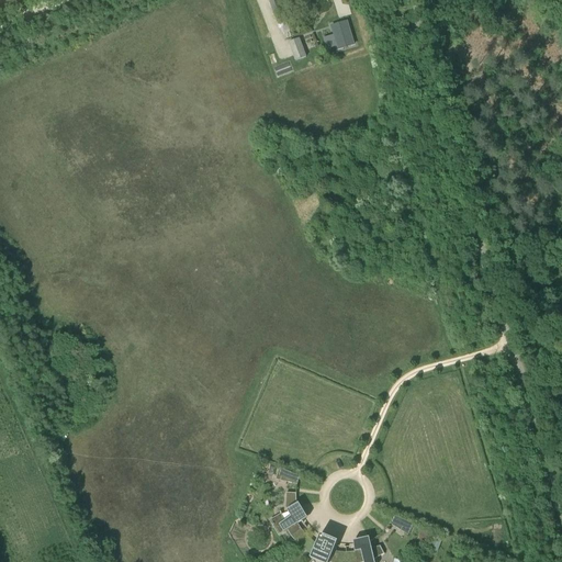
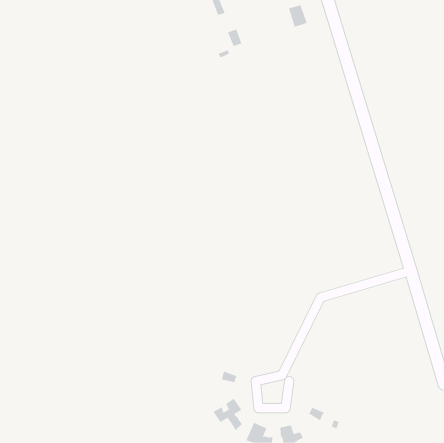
building: [329,20,353,48] -> [288,5,307,27]

